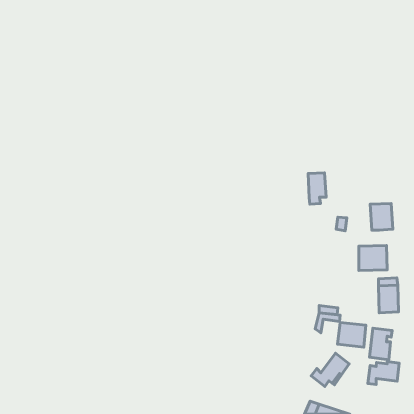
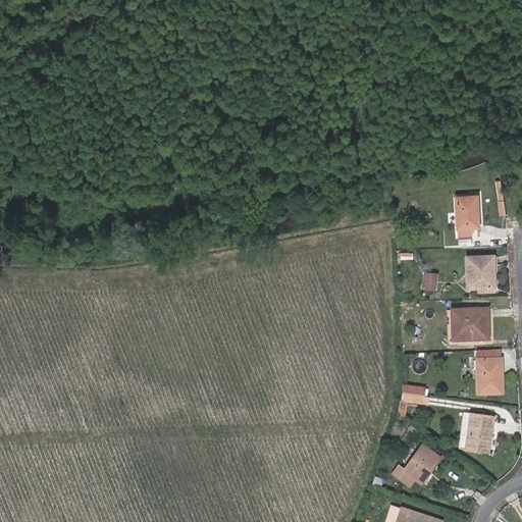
building: [308,173,326,204] -> [456,196,478,236]
building: [338,322,366,347] -> none
building: [368,361,399,384] -> none

